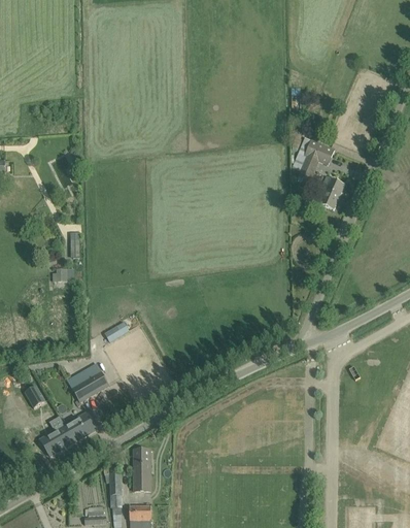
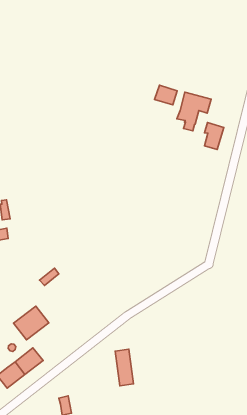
building: none -> [155,85,177,105]
building: [134,450,150,491] -> [115,349,134,386]

